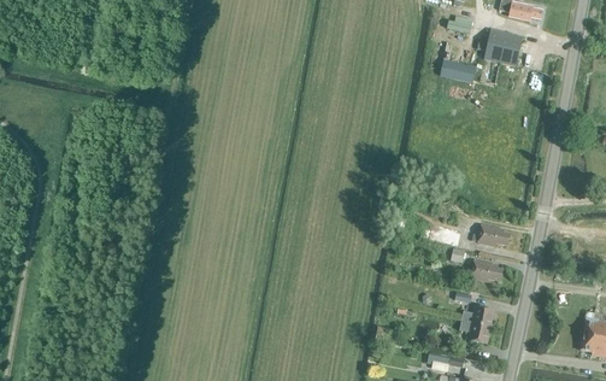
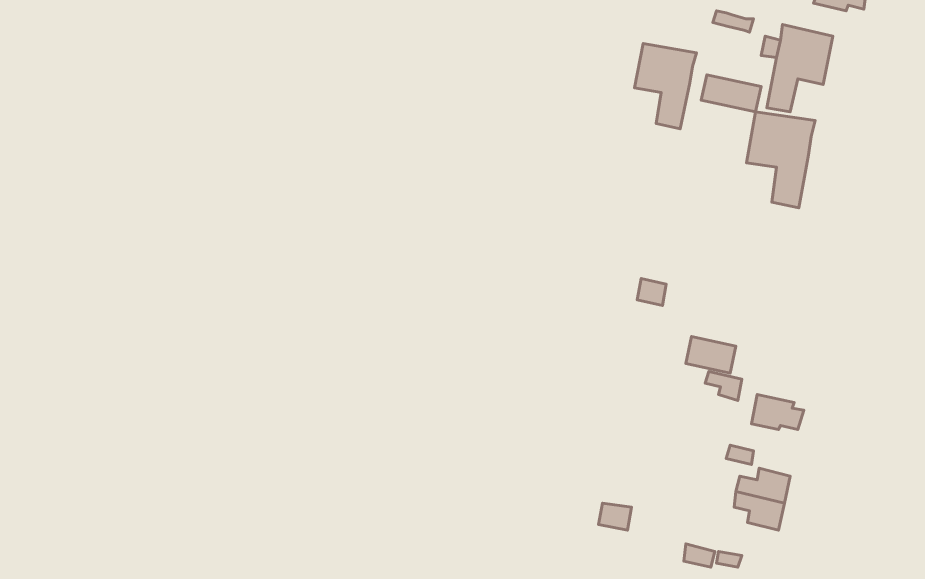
building: none -> [634,43,696,129]
building: none -> [747,112,815,208]
building: [472,224,511,246] -> none

